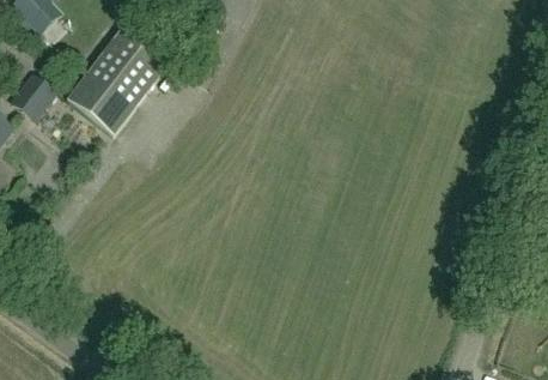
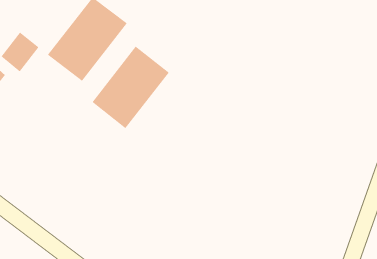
building: none -> [91,45,170,129]

